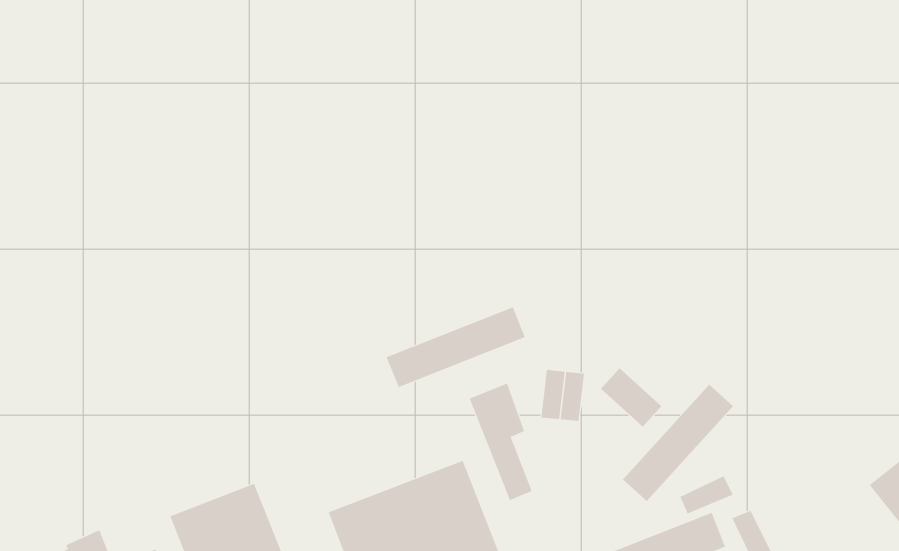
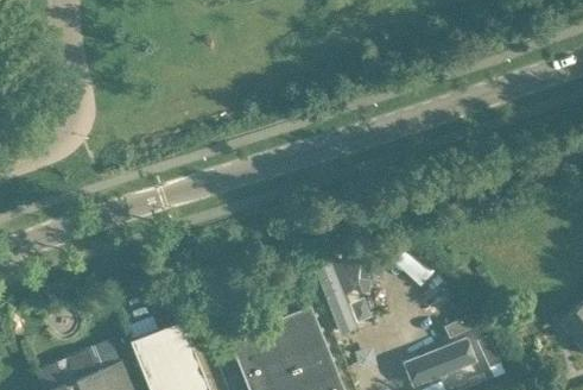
building: [386,307,525,388] -> none
building: [622,384,734,502] -> none

